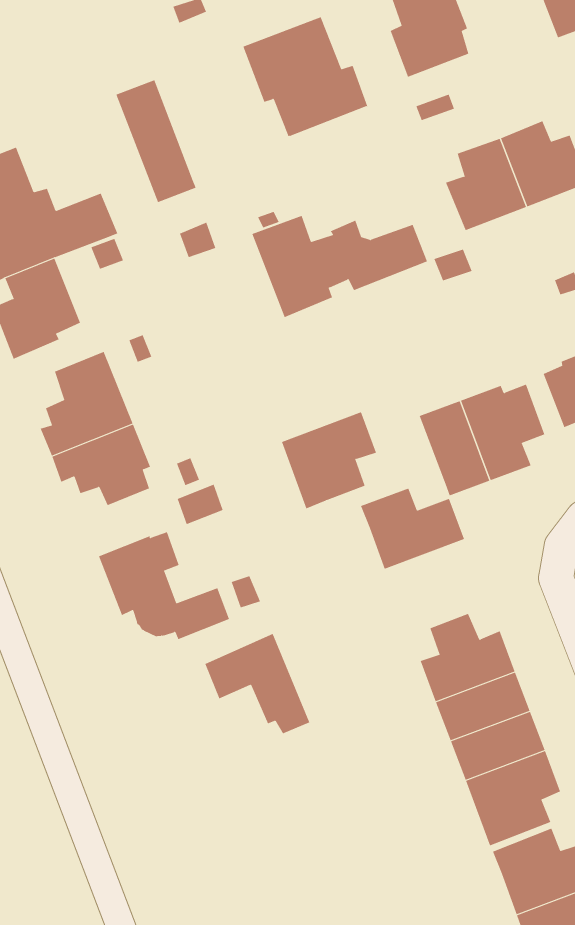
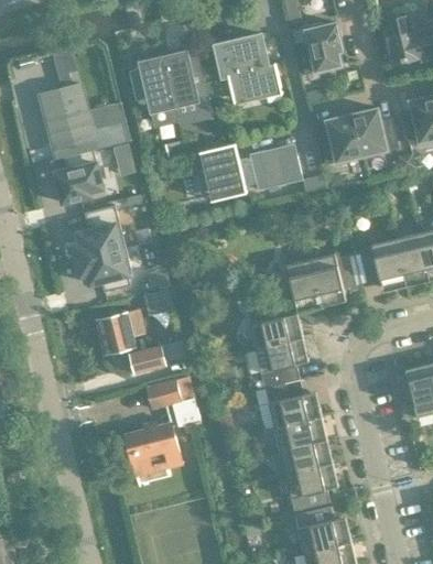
building: none -> [162,52,208,117]
building: [281,412,377,509] -> [255,338,307,389]
building: none -> [125,423,182,471]

